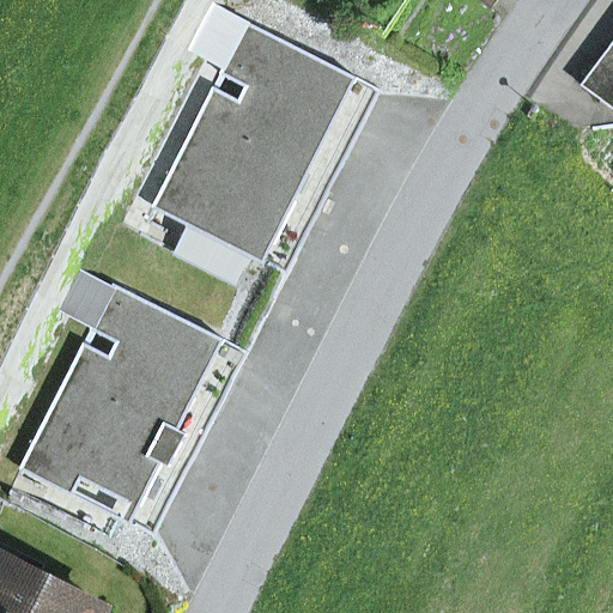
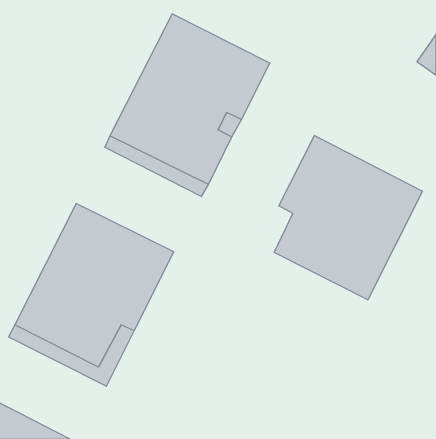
building: none -> [274,135,423,300]

